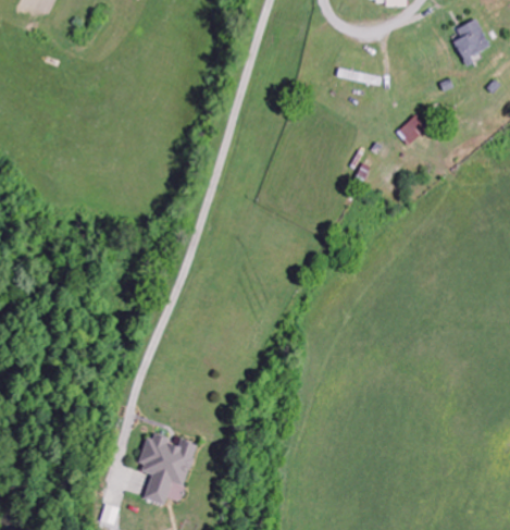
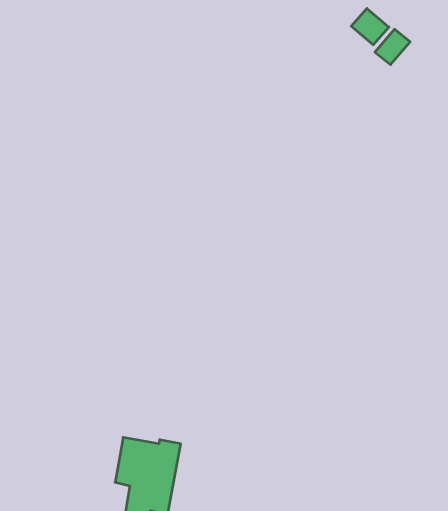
building: none -> [351,8,389,45]

